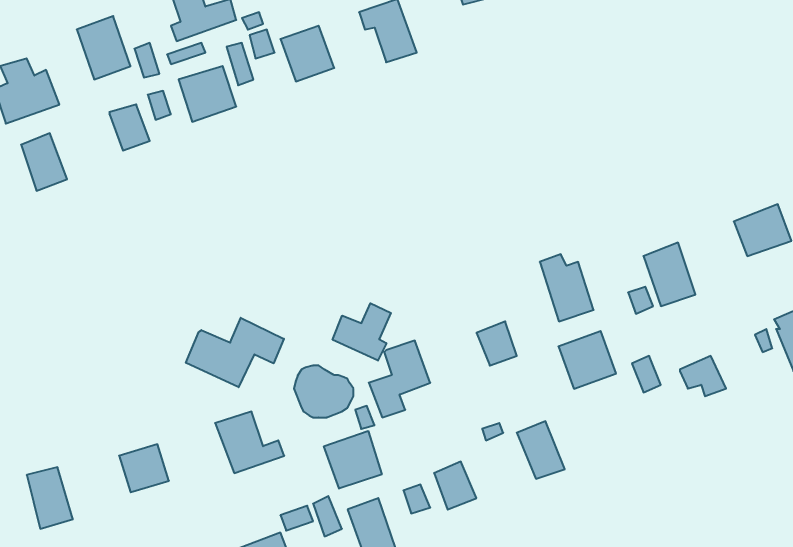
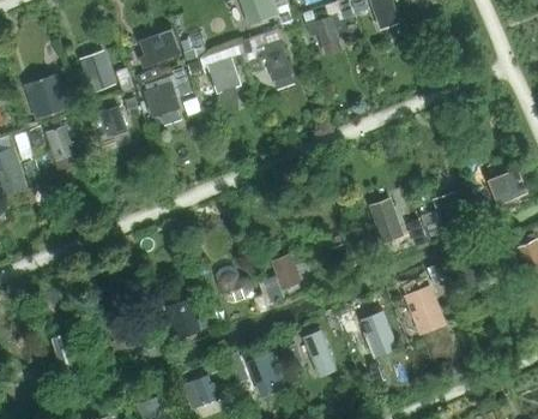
building: [333,303,391,361] -> none
building: [186,318,284,387] -> none
building: [558,331,616,389] -> [404,286,440,322]
building: [324,431,382,489] -> none

